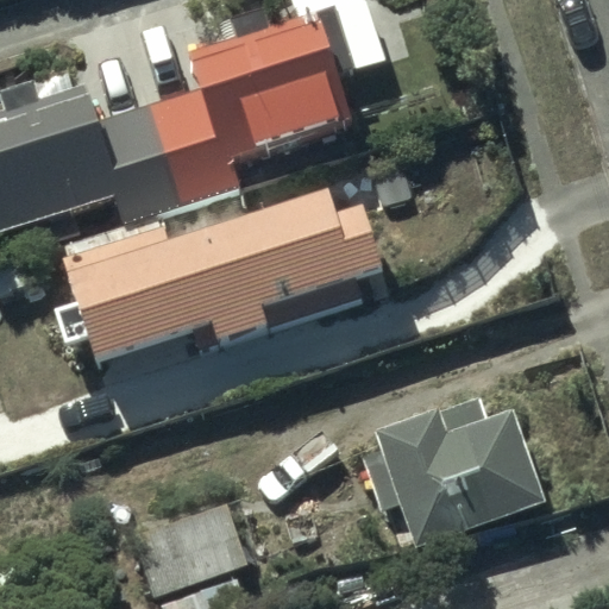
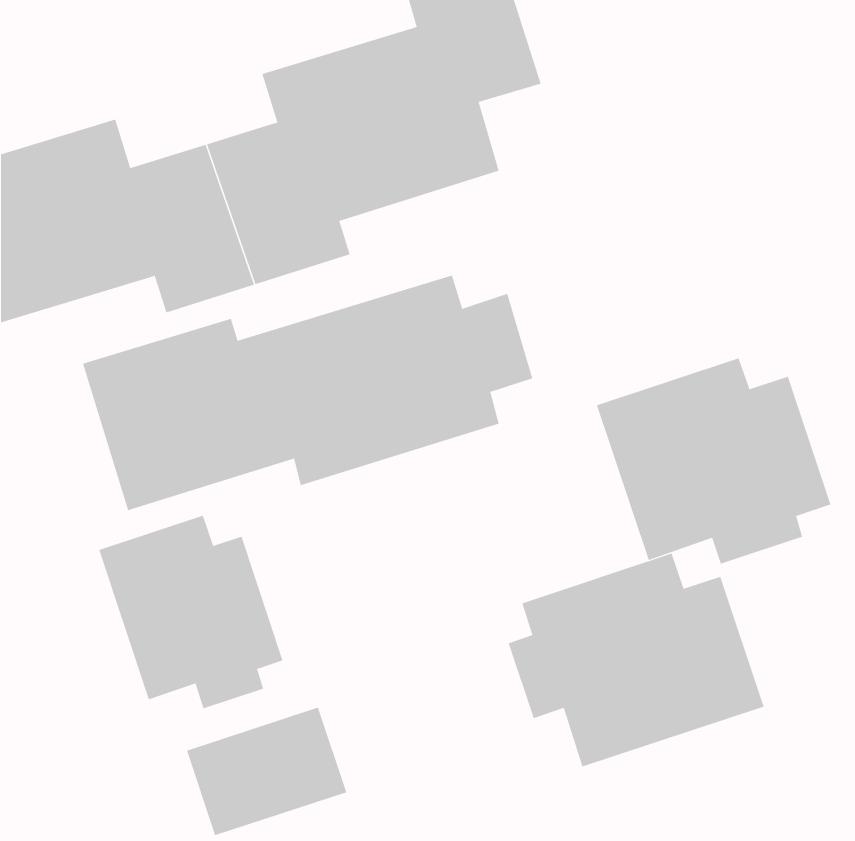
building: none -> [596,357,831,564]
building: none -> [98,515,283,709]

